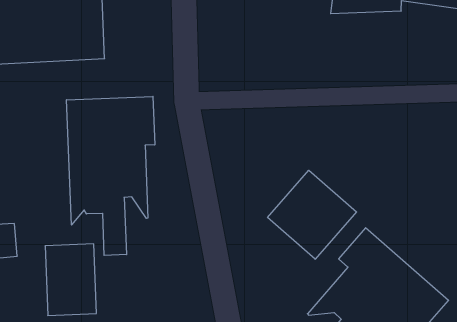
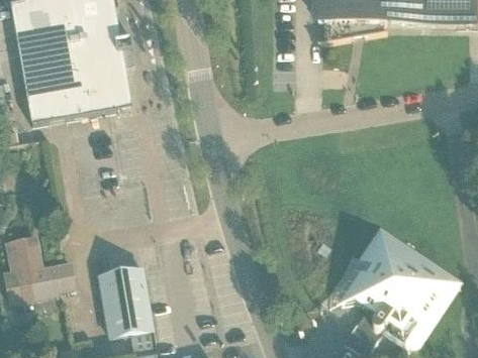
building: [67,96,155,255] -> none
building: [268,170,357,259] -> none

